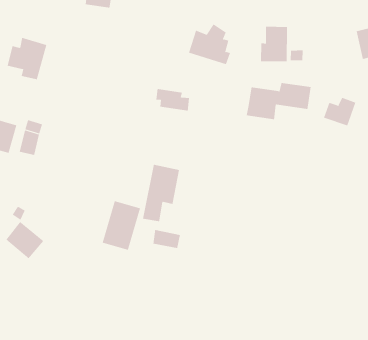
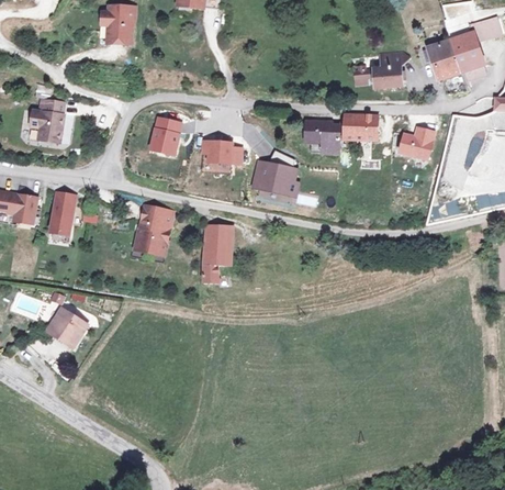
building: [188,23,231,65] -> [249,147,299,193]
building: [260,26,288,62] -> [374,51,408,94]
building: none -> [148,114,180,151]
building: [102,201,141,251] -> [134,204,175,260]
building: [153,229,180,249] -> none

